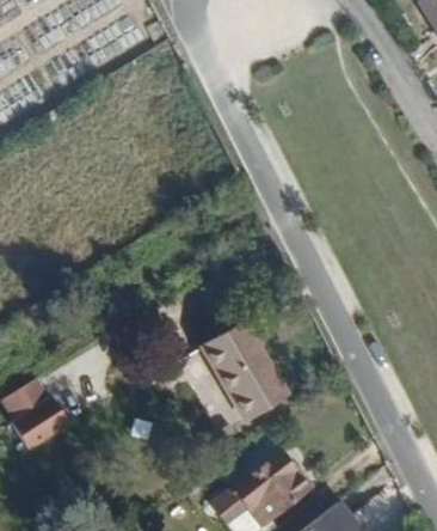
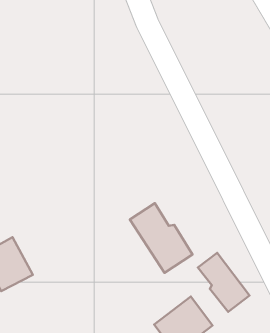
building: none -> [198,253,250,312]

